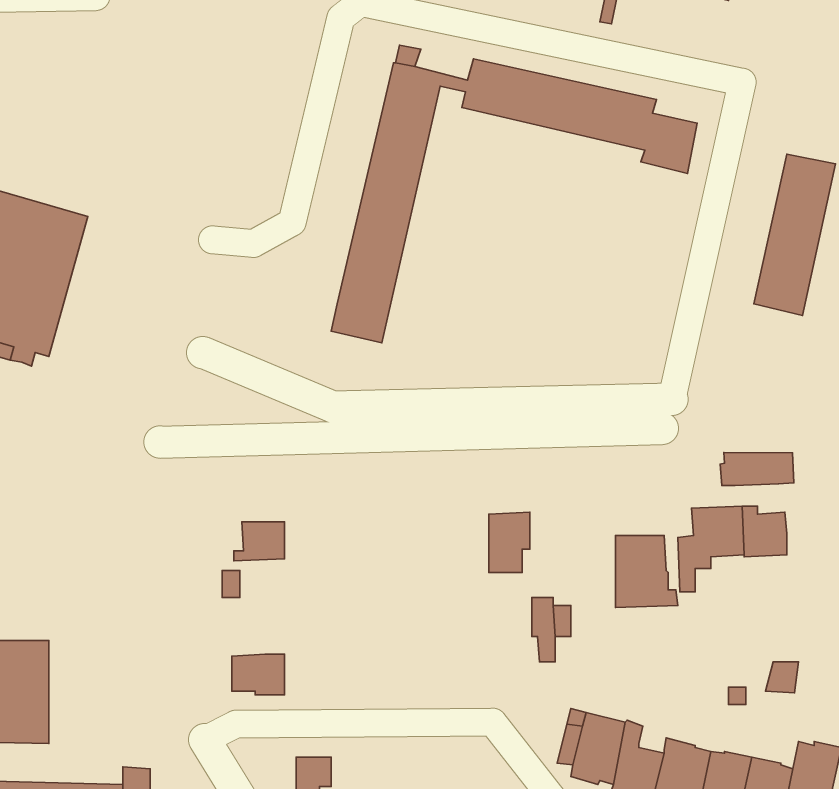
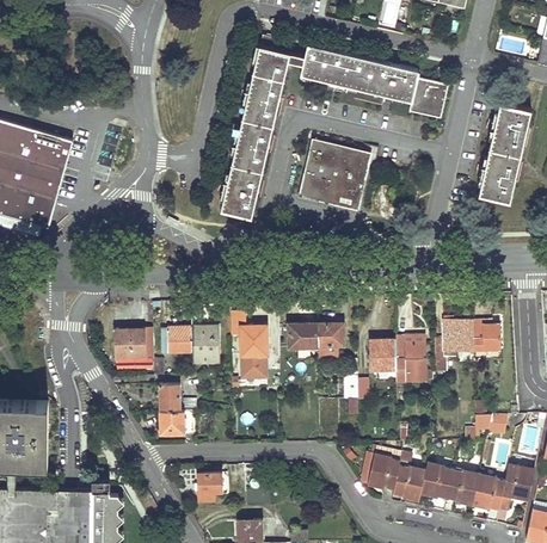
building: none -> [302,149,367,209]
building: [720,453,794,486] -> none
building: none -> [239,325,270,381]
building: none -> [287,325,316,348]
building: none -> [191,327,216,363]
building: none -> [113,329,152,358]
building: none -> [369,340,394,371]
building: none -> [158,384,179,412]

